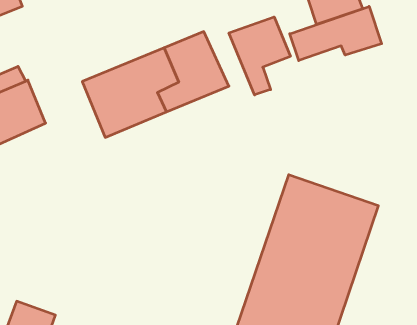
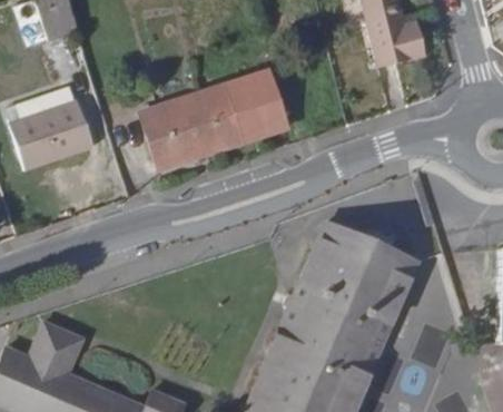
building: [290,6,382,61] -> none
building: [229,17,290,95] -> none

